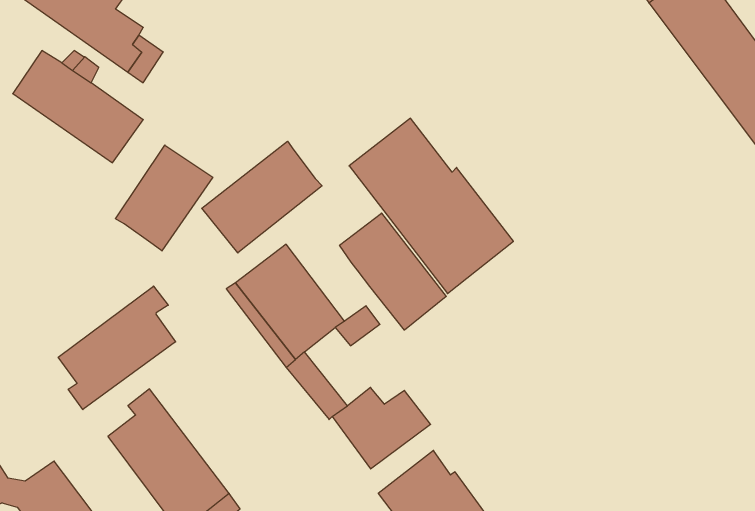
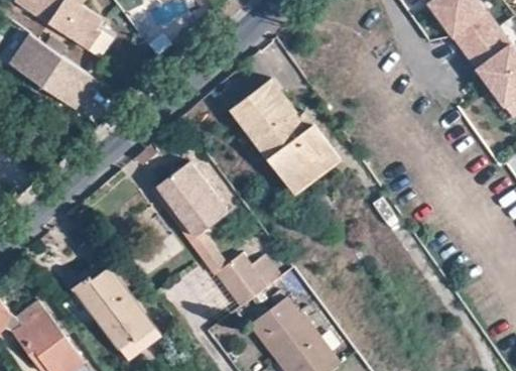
building: [202,141,322,253] -> none
building: [115,145,213,251] -> none
building: [340,213,446,330] -> none
building: [58,286,176,410] -> none

